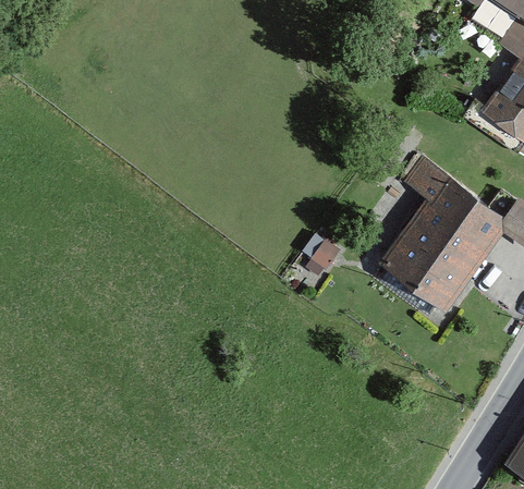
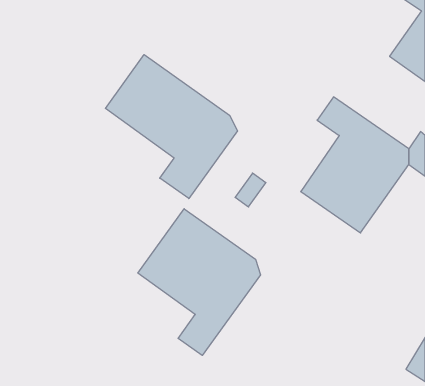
building: none -> [105,55,238,199]
building: none -> [138,209,260,355]

